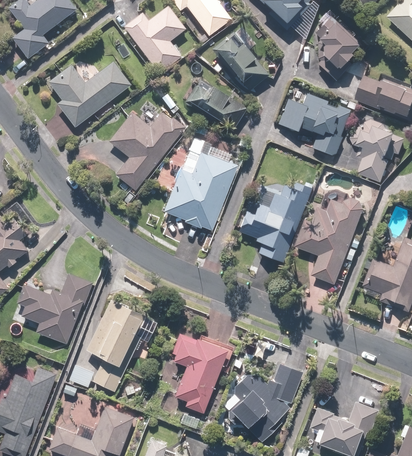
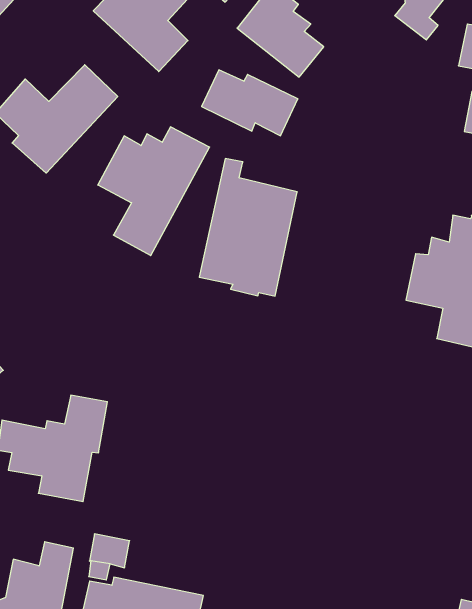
building: [276,85,351,157] -> none
building: [238,182,311,261] -> none
building: [89,298,156,391] -> none
building: [170,328,229,412] -> none
building: [223,362,301,442] -> none

